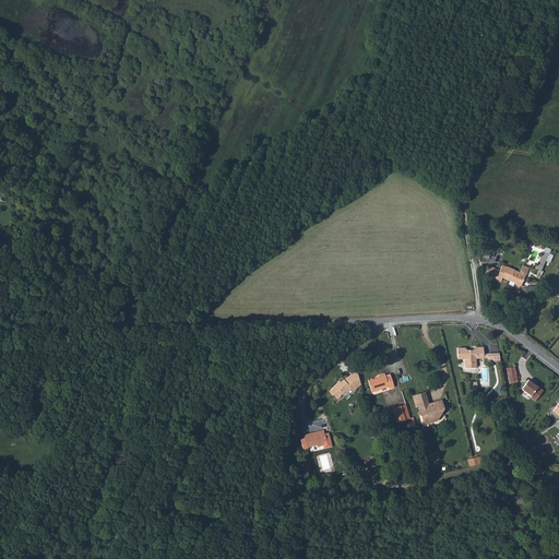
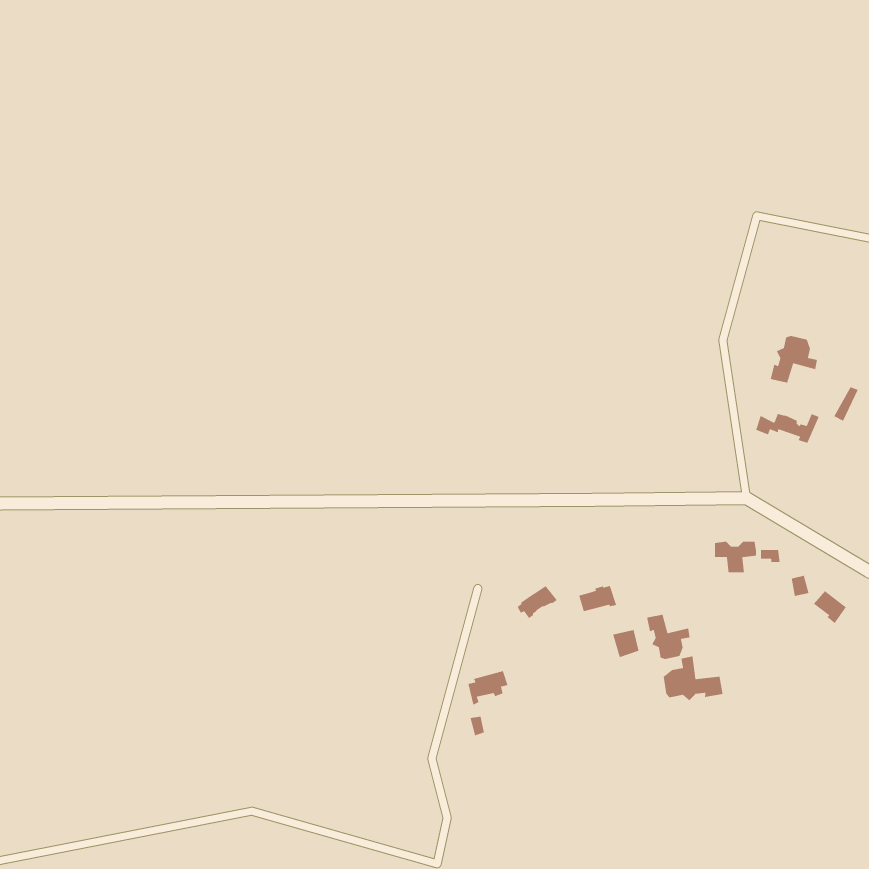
building: none -> [770,335,818,384]
building: none -> [663,655,724,701]

